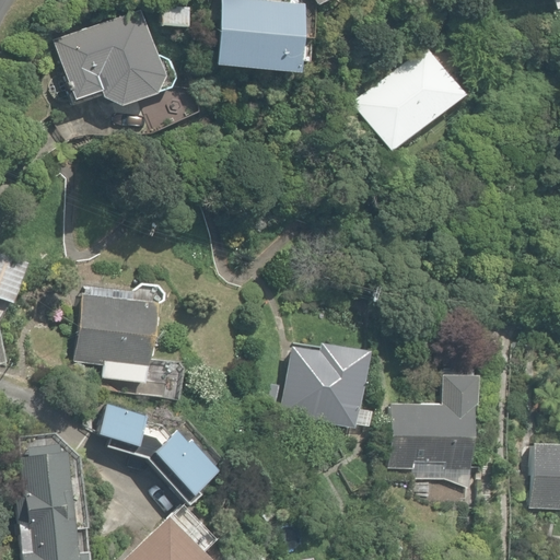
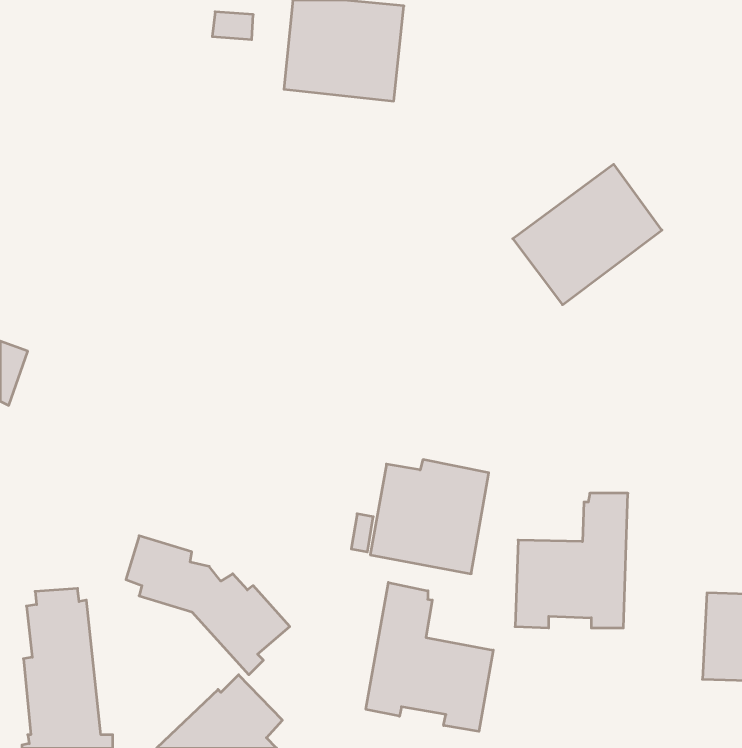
building: [56,11,165,106] -> none
building: [353,47,465,152] -> [513,164,662,305]
building: [72,285,155,382] -> none
building: none -> [366,582,493,731]

